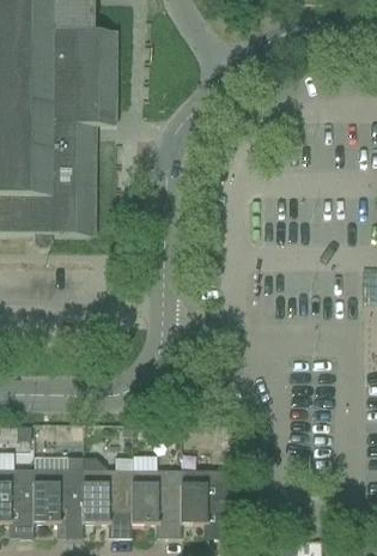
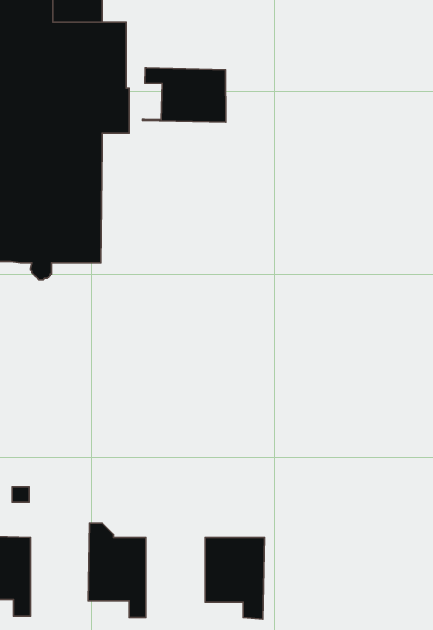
building: none -> [143,68,226,122]
building: [32,454,83,536] -> none
building: [130,467,181,536] -> none

